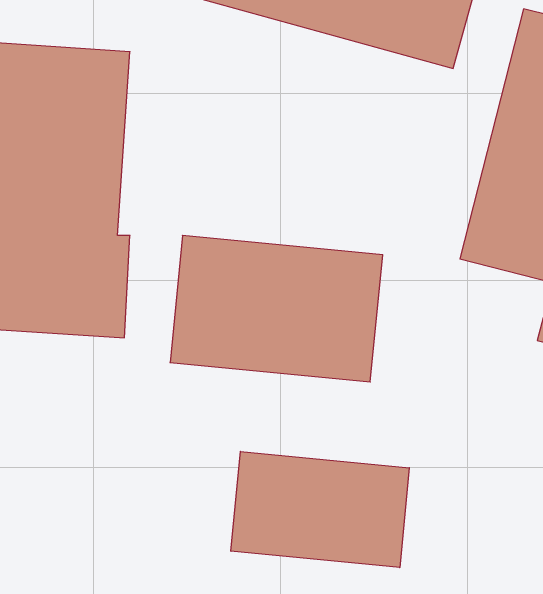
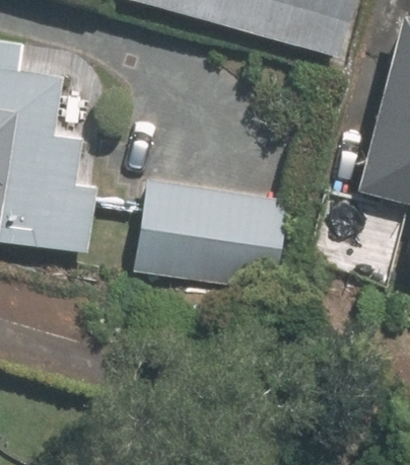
building: [231,451,409,568] -> none

